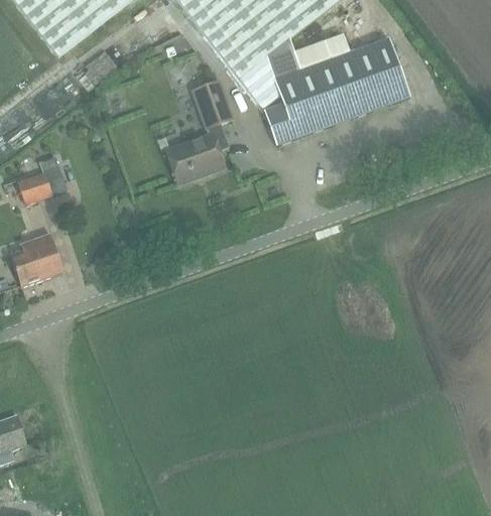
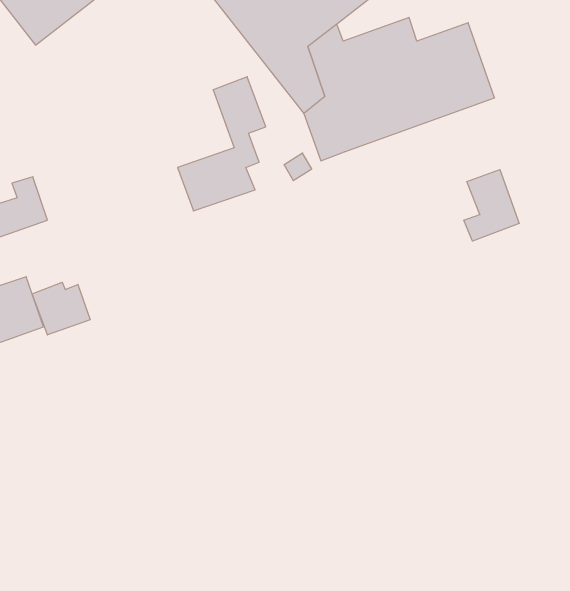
building: none -> [464,170,519,241]
building: none -> [32,282,90,335]

